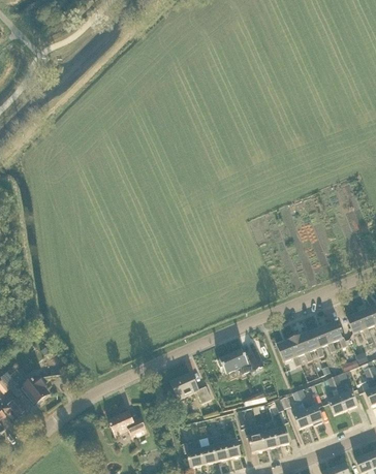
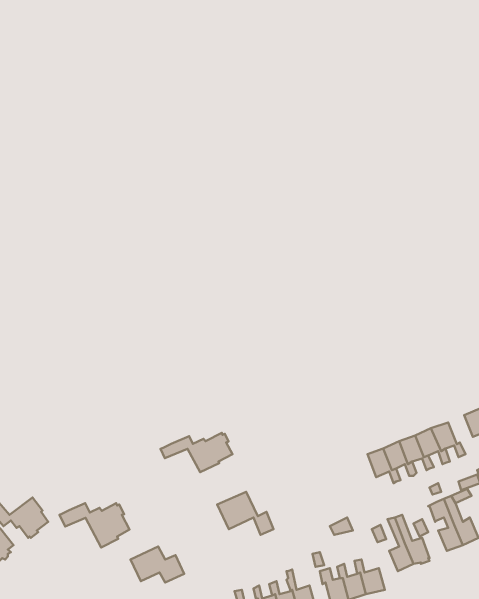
building: none -> [161,433,232,472]
building: [219,349,264,373] -> none
building: none -> [60,503,130,547]

